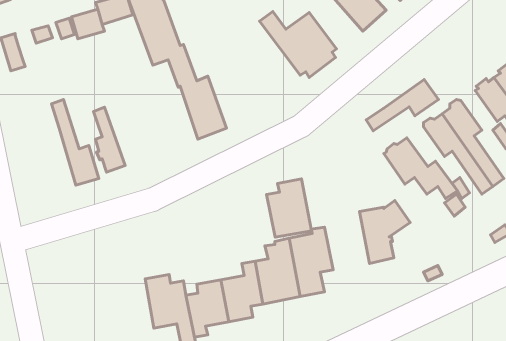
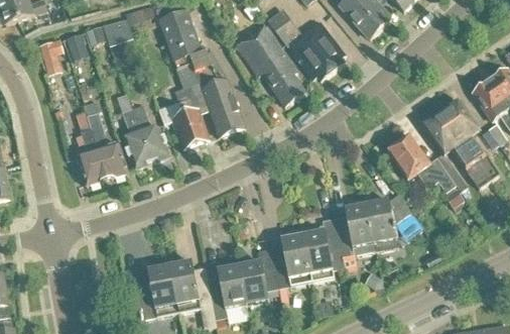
building: none -> [236,23,304,105]
building: [366,79,439,131] -> none
building: none -> [171,96,208,149]
building: none -> [132,103,168,160]
building: none -> [77,126,106,185]
building: [266,179,311,237] -> [334,203,375,256]
building: none -> [136,264,177,317]

